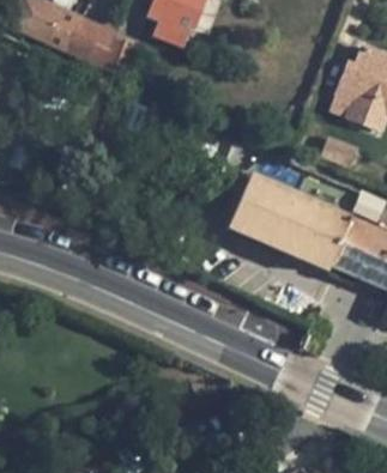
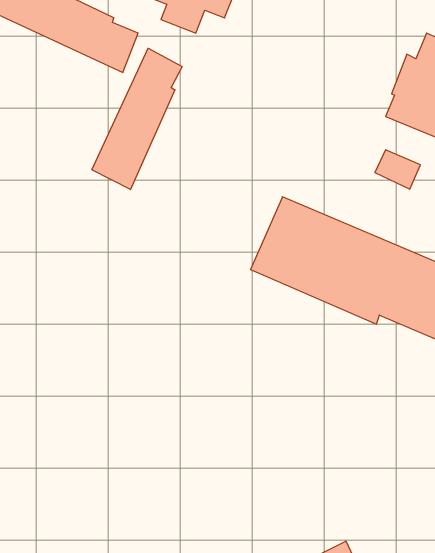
building: none -> [92,48,182,190]

